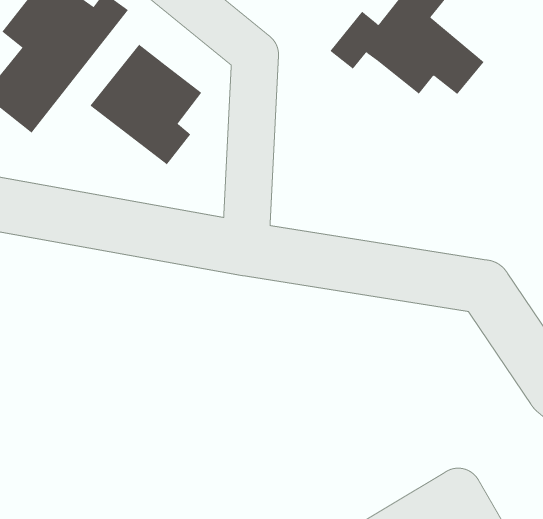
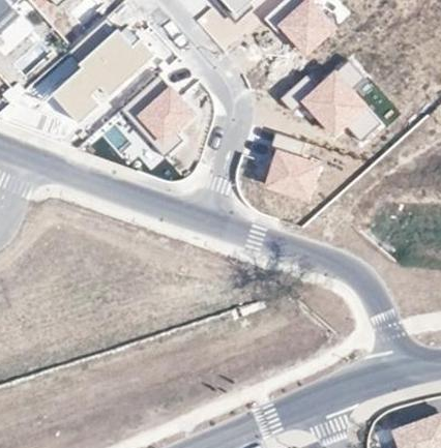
building: none -> [264,133,322,201]

